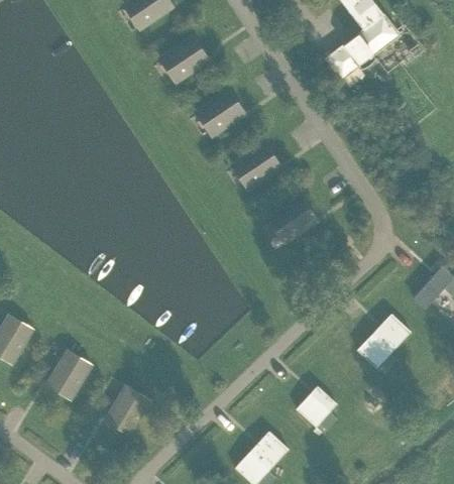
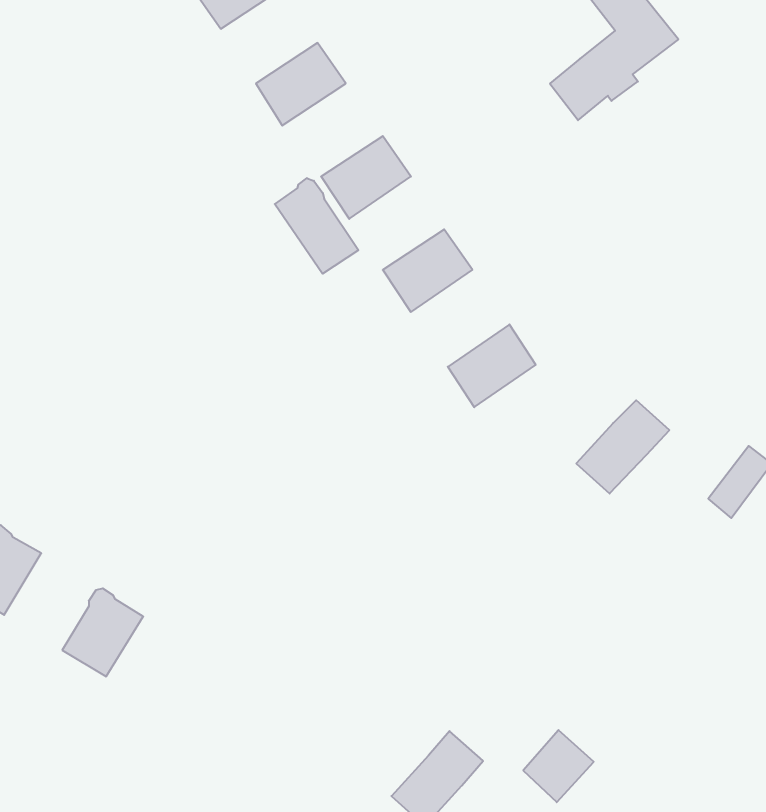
building: none -> [275,178,358,274]
building: [357,315,411,368] -> [576,400,669,494]
building: [105,385,151,436] -> none
building: [297,386,337,428] -> [523,730,594,802]

